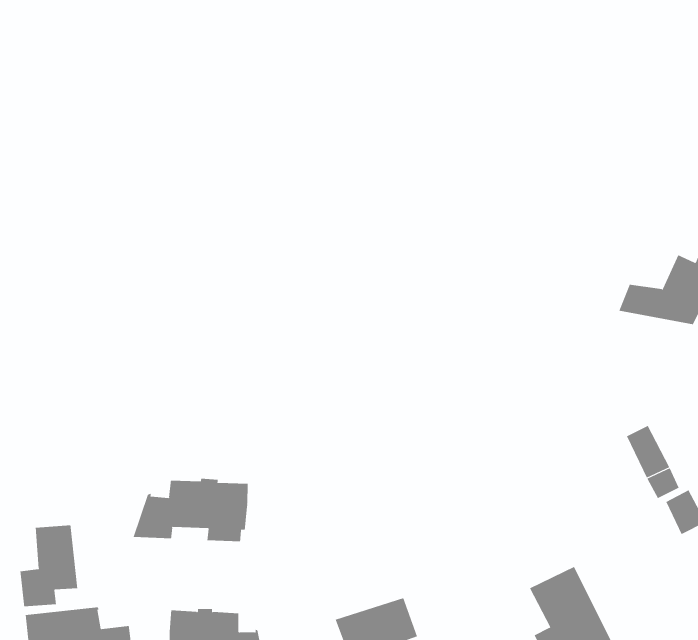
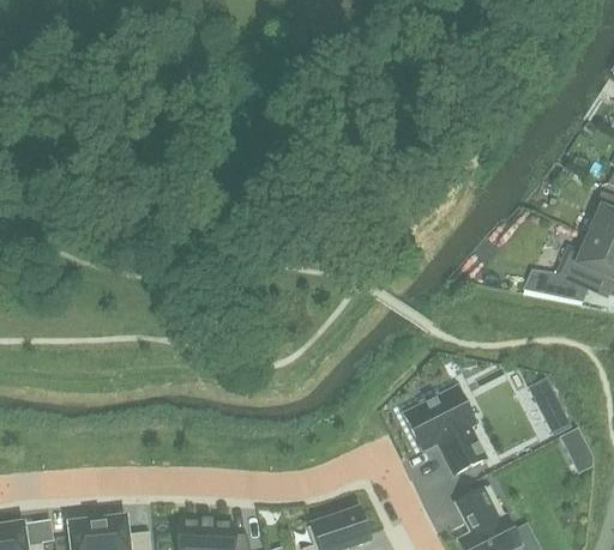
building: none -> [404,386,484,472]
building: [133,478,248,542] -> none
building: [20,525,78,607] -> none

